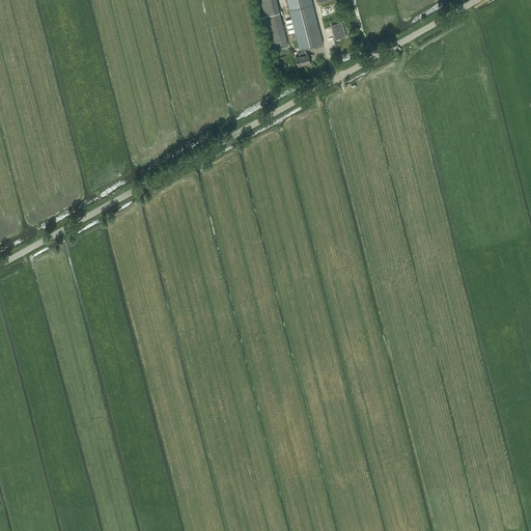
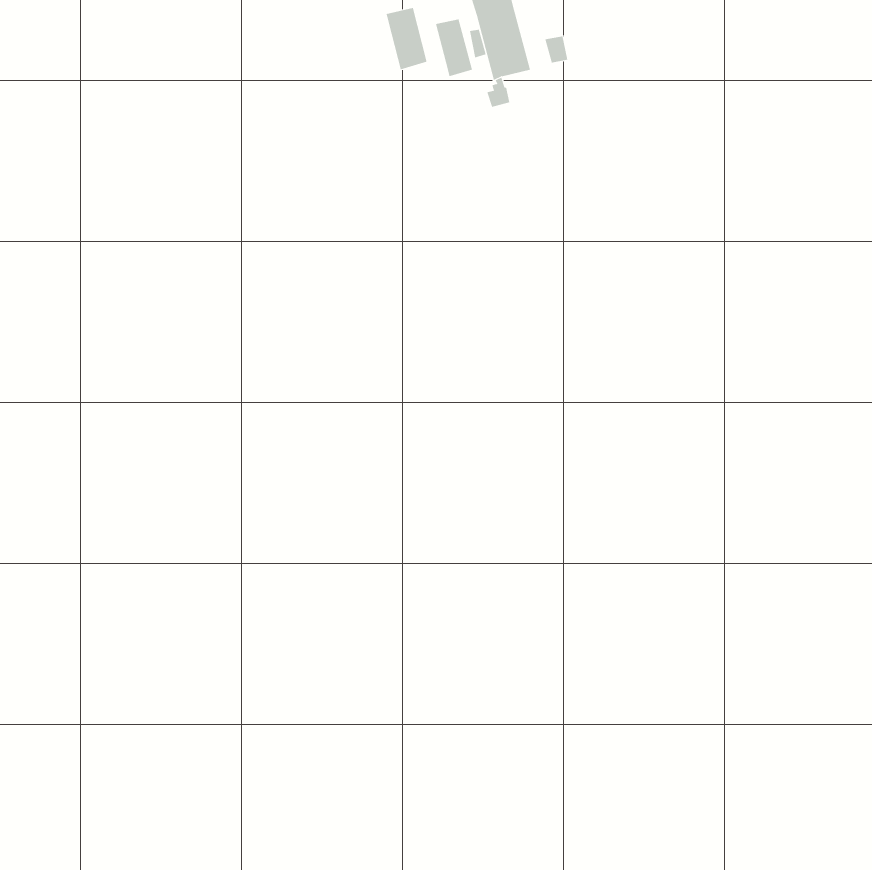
building: none -> [386,7,427,70]

